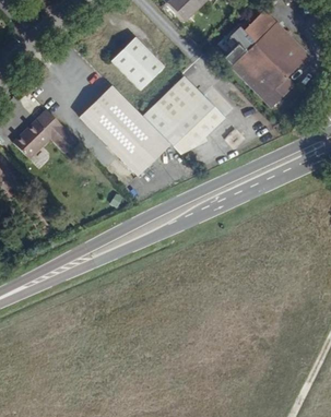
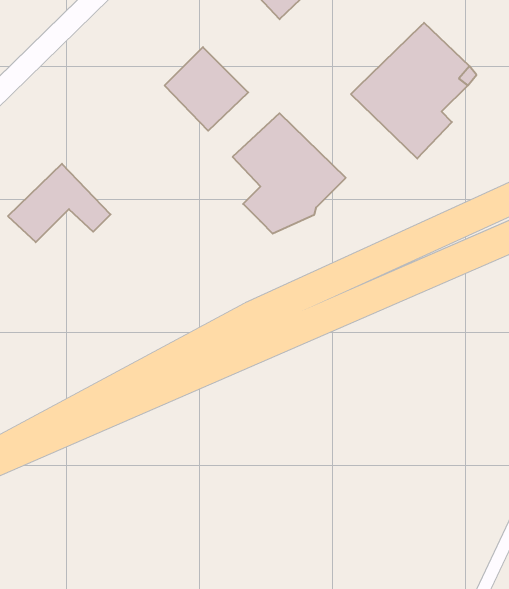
building: [216,11,271,61] -> none
building: [81,85,170,175] -> none

